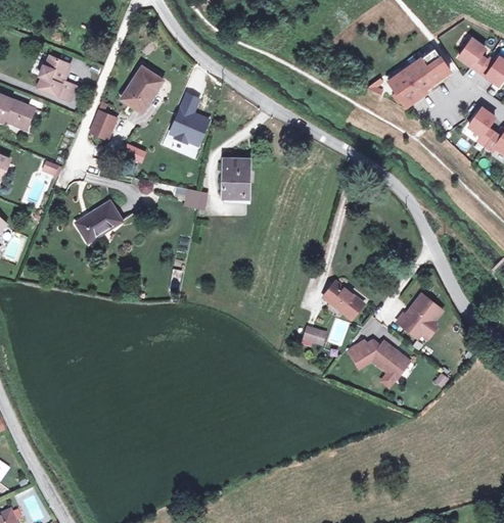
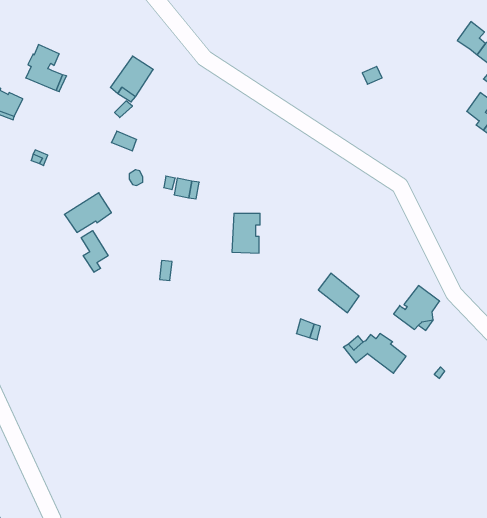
building: [390,45,451,101] -> none
building: [170,94,209,144] -> none
building: [90,112,117,141] -> none
building: [222,160,249,199] -> [232,213,260,253]
building: none -> [81,231,108,272]

